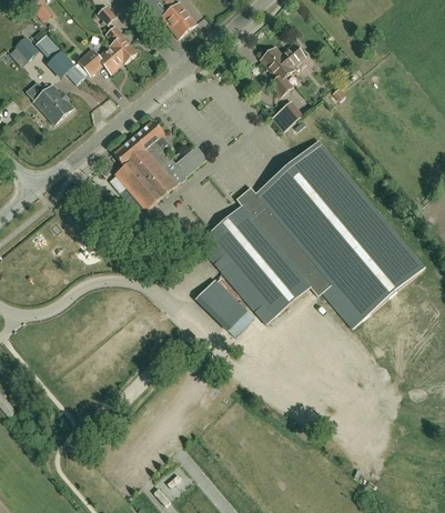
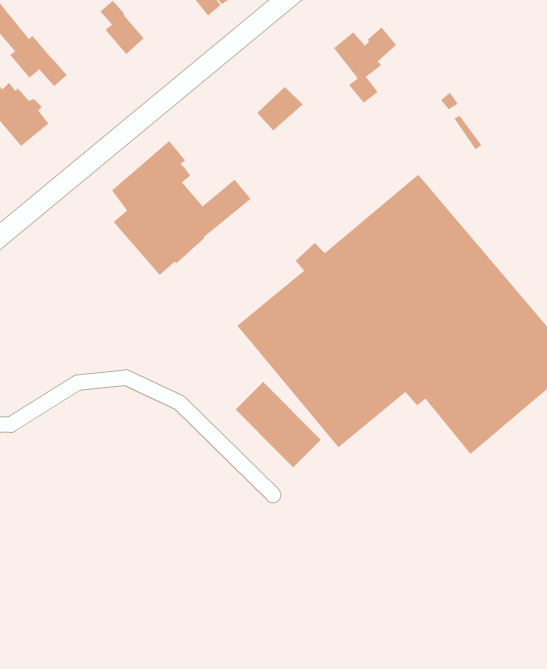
building: [78,47,122,76] -> none
building: [271,101,302,131] -> [257,86,303,131]

